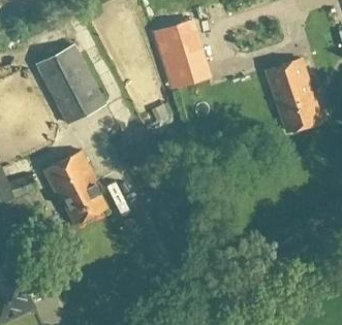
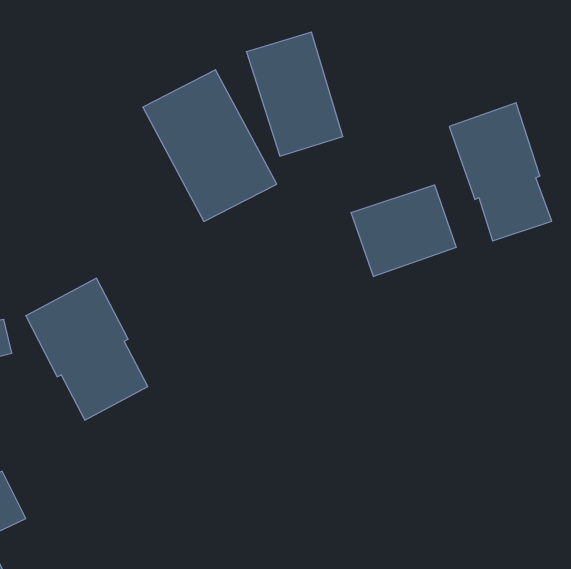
building: [35,44,105,124] -> [143,70,277,221]
building: none -> [351,185,456,277]

